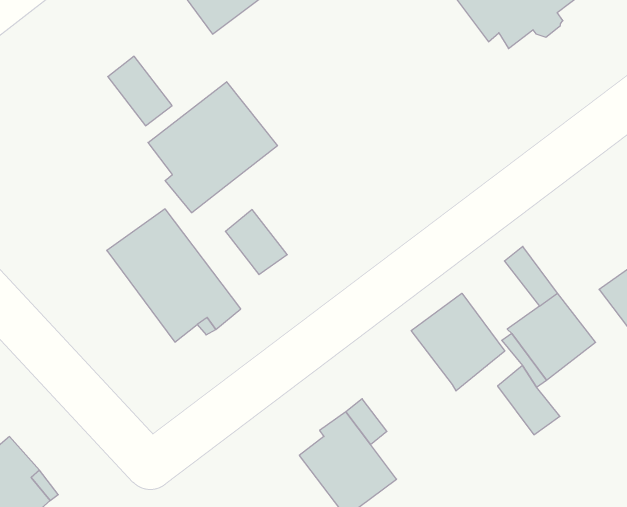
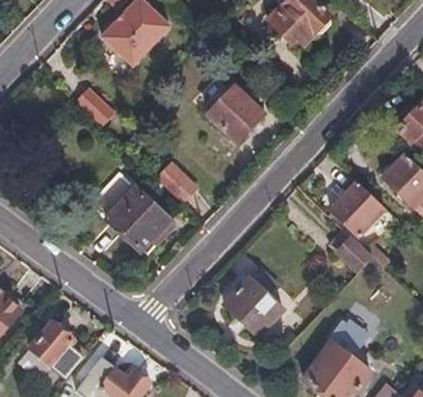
building: [148,82,277,213] -> none
building: none -> [207,86,264,143]
building: [411,293,505,391] -> none

